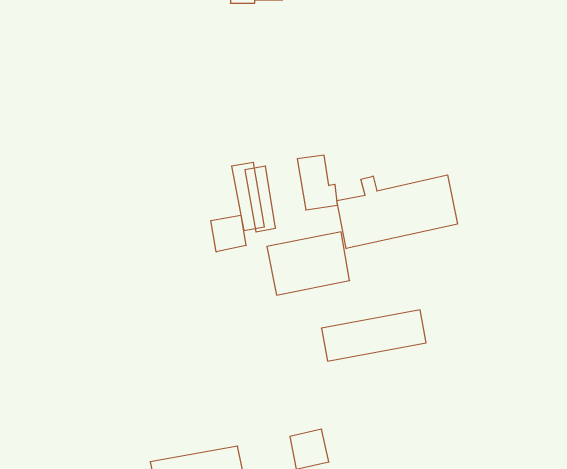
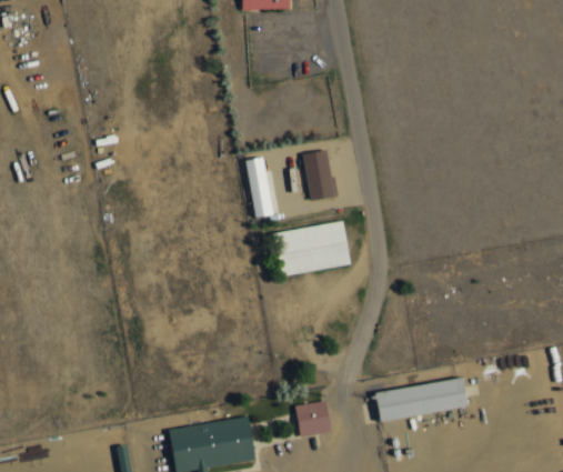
building: [337,175,457,249] -> none
building: [211,215,246,252] -> none
building: [321,310,426,361] -> [372,376,468,423]

